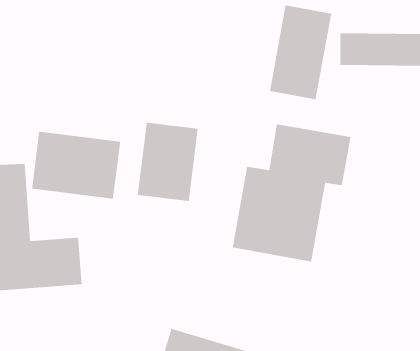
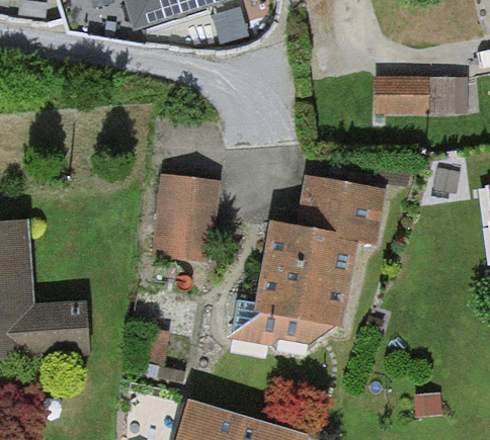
building: [269,4,332,100] -> none
building: [31,131,121,200] -> none

